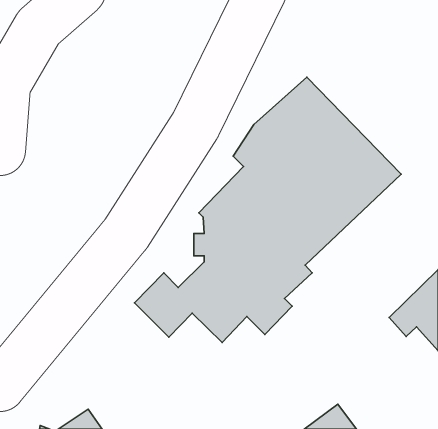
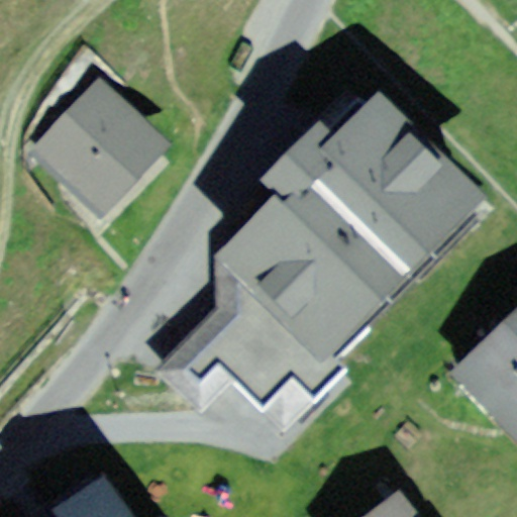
building: none -> [44,84,154,194]

